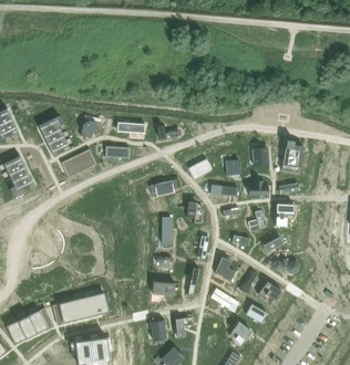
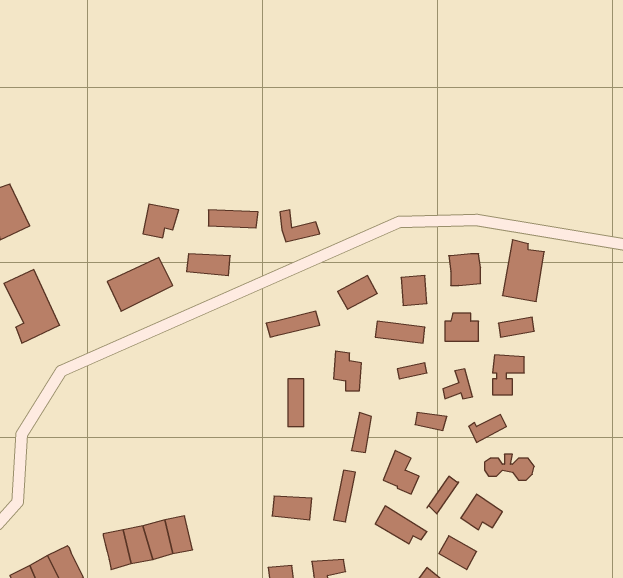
building: [39,115,70,156] -> none

